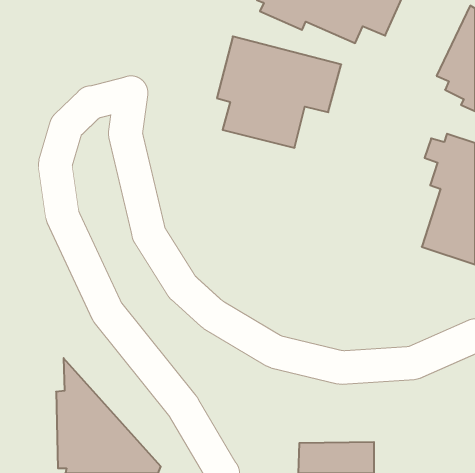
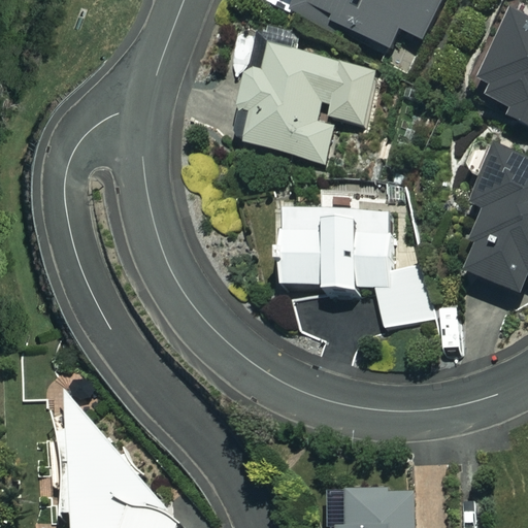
building: none -> [277,207,428,327]

